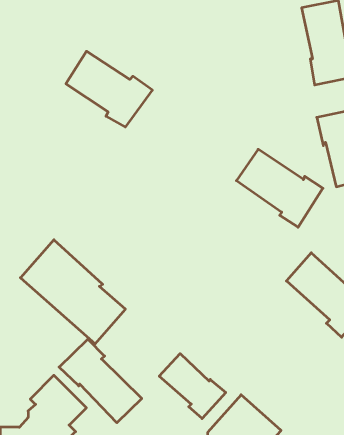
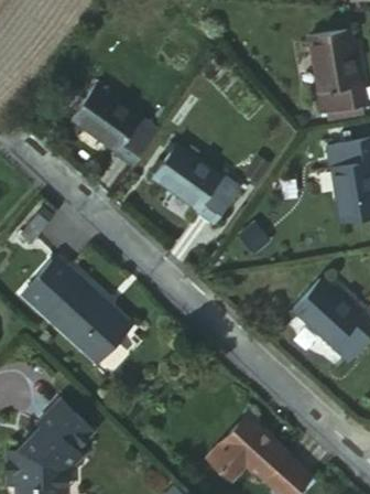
building: [236,149,323,227] -> [154,133,242,213]
building: [59,339,142,423] -> none
building: [159,354,226,419] -> none

